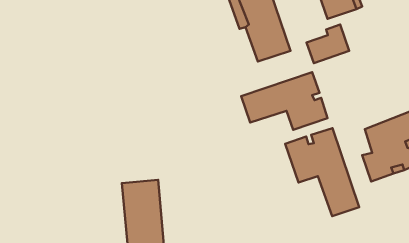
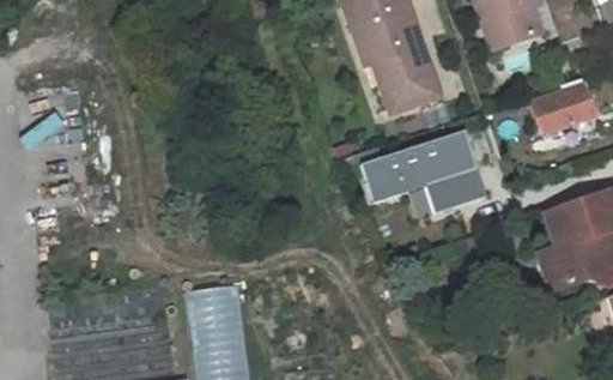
building: [306,25,349,63] -> [529,78,591,134]
building: [285,128,359,216] -> none

